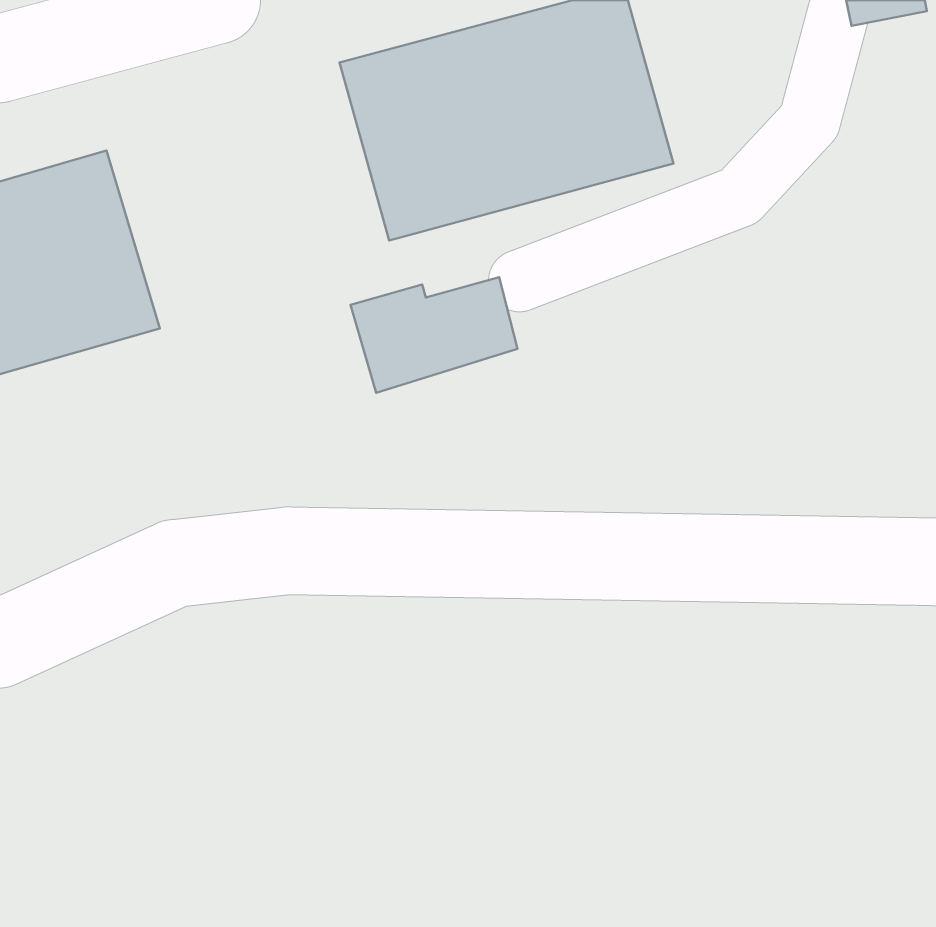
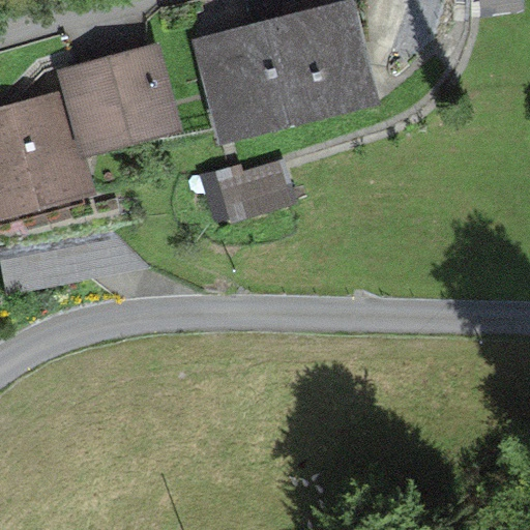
building: none -> [55,45,179,156]

